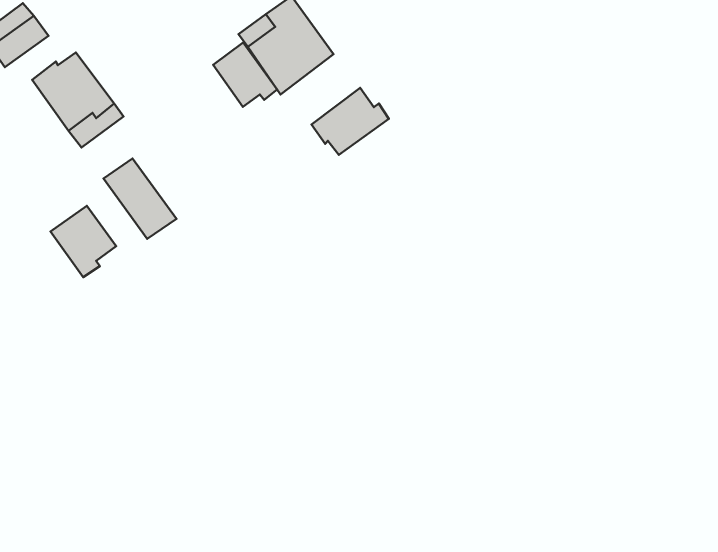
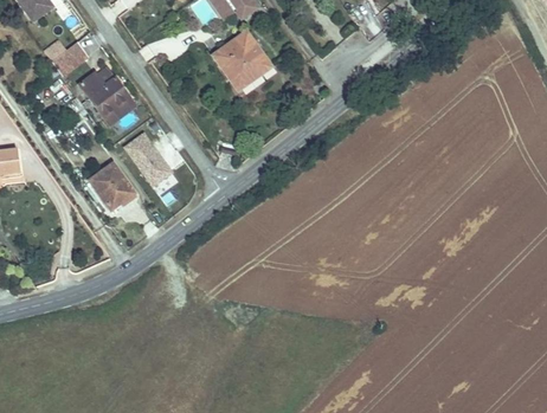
building: [213,42,277,107] -> none
building: [312,88,389,155] -> none

